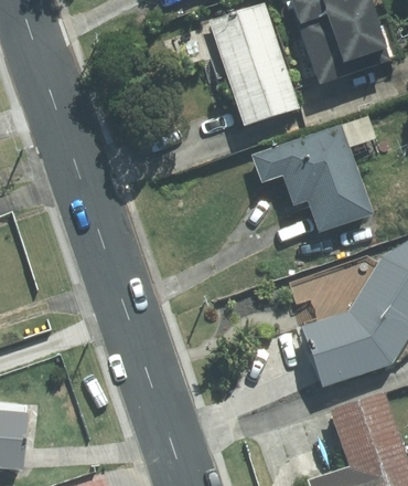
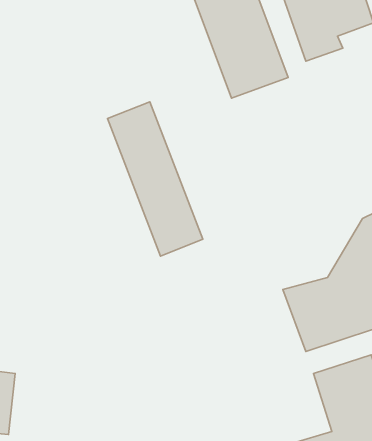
building: [251,120,377,234] -> none
building: none -> [107,102,203,256]

